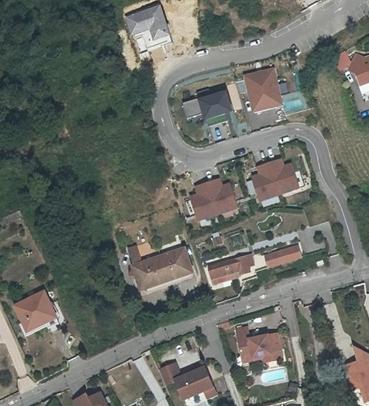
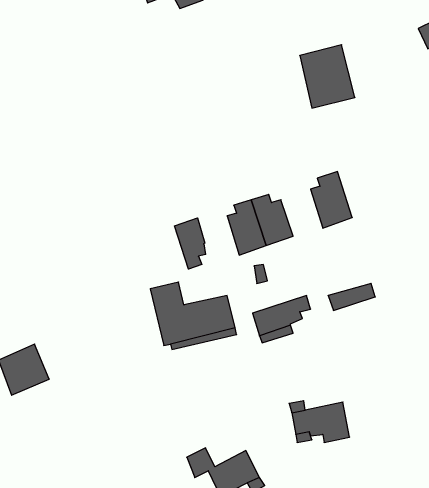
building: [197,90,233,121] -> none
building: [271,158,300,195] -> none
building: none -> [174,218,206,269]

